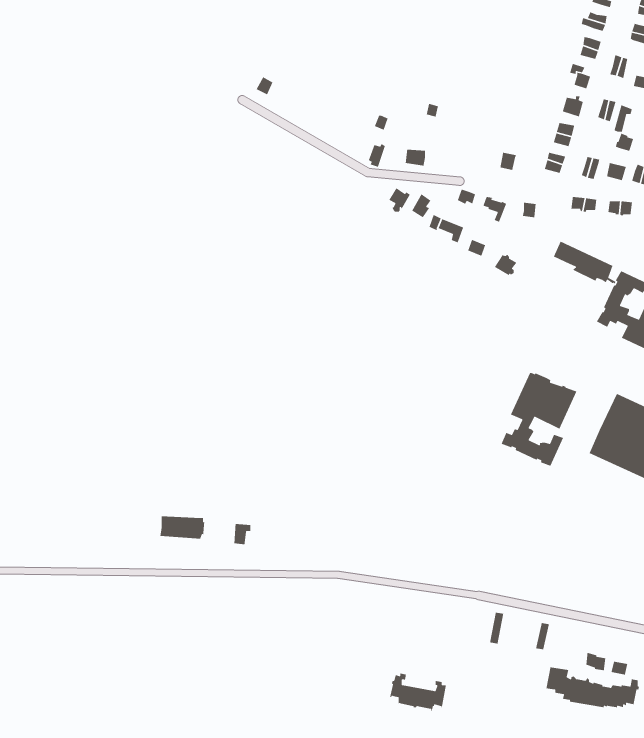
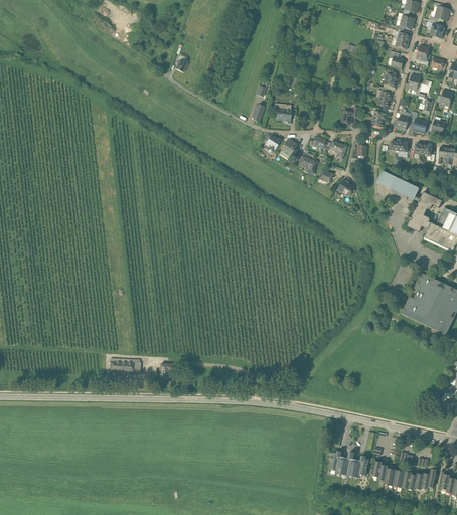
building: [500,372,577,467] -> none
building: [389,673,447,713] -> [330,451,369,478]

